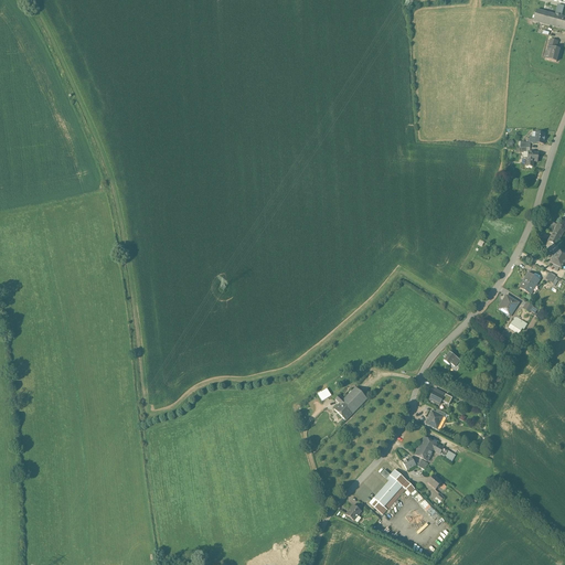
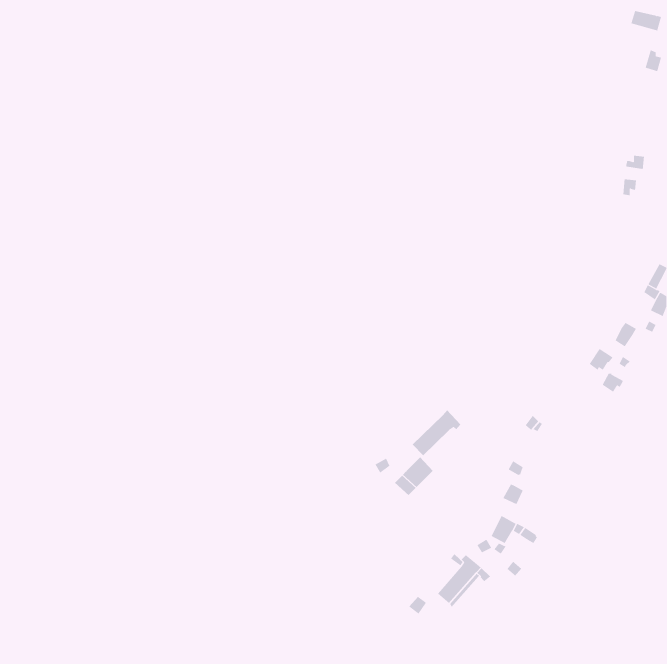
building: none -> [412,409,461,456]

